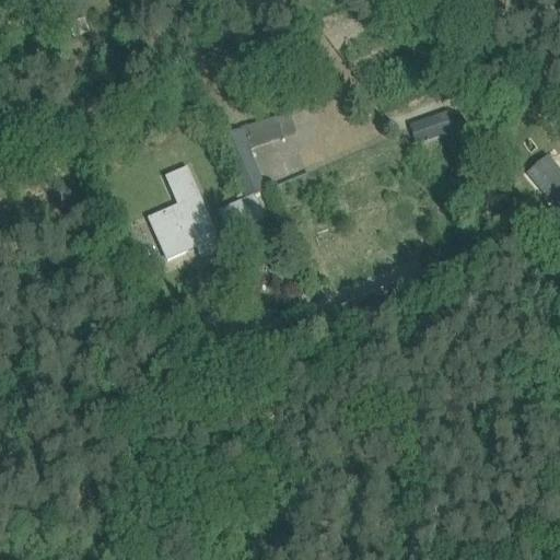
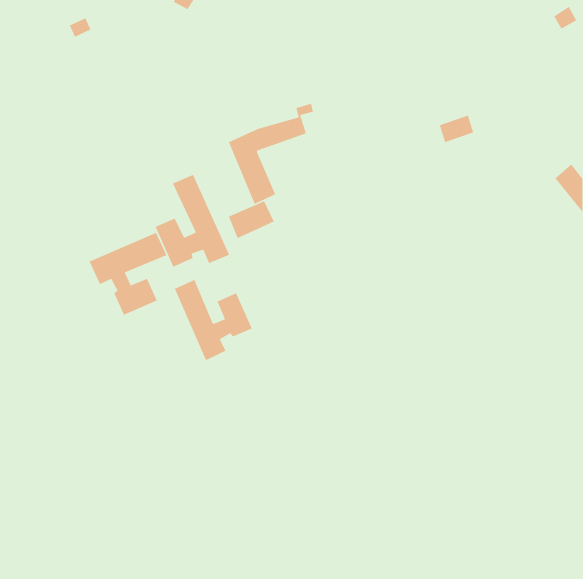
building: none -> [89,232,168,316]
building: none -> [174,279,253,361]

